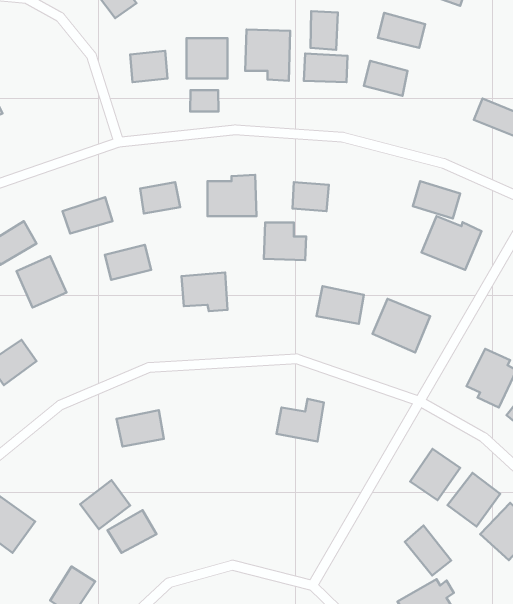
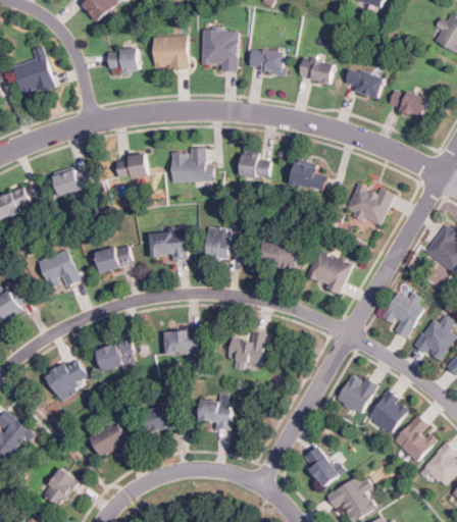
building: [311,11,338,50] -> none
building: [378,13,425,48] -> [344,67,383,96]
building: none -> [13,46,54,96]
building: [190,90,219,112] -> none
building: [413,181,460,219] -> [289,161,327,192]
building: [264,223,306,260] -> [206,227,241,258]
building: [105,245,151,280] -> [95,243,133,271]
building: [16,256,66,307] -> [38,249,79,291]
building: none -> [164,328,199,354]
building: [80,480,130,529] -> [46,358,87,398]
building: none -> [199,401,230,429]
building: none -> [140,403,181,433]
building: [405,525,451,575] -> [302,446,340,486]

